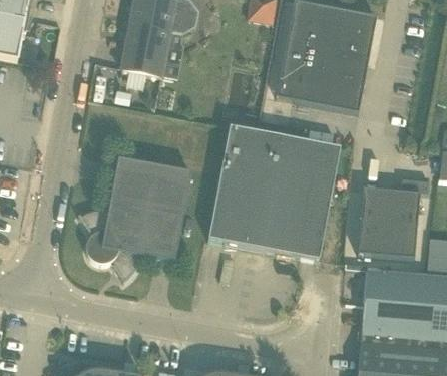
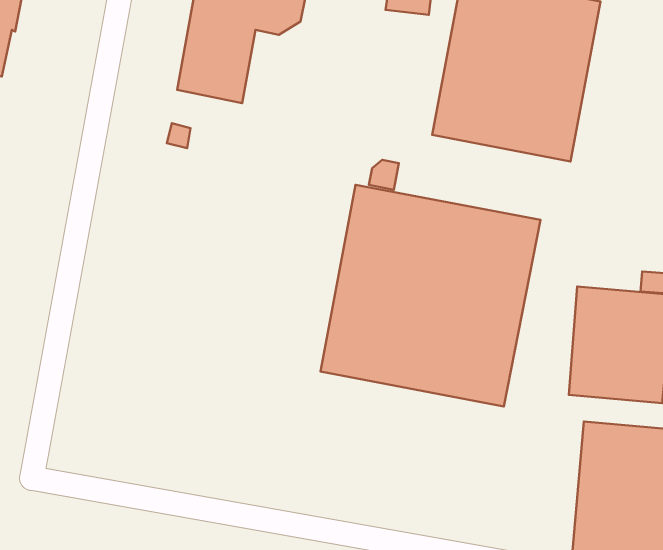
building: [77,156,191,280] -> none

